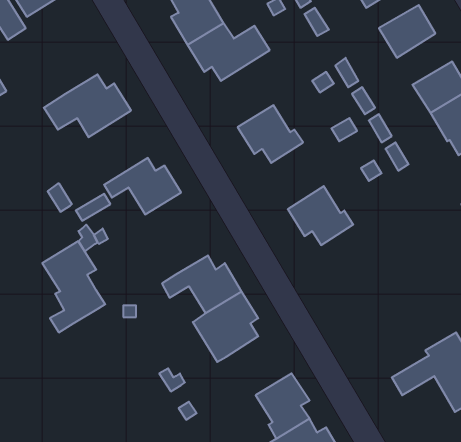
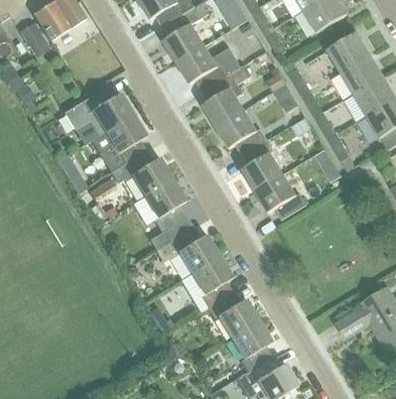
building: none -> [341,53,384,94]
building: none -> [203,64,252,127]
building: none -> [91,114,145,172]
building: none -> [242,139,283,191]
building: [42,241,105,332] -> [143,178,192,250]
building: none -> [207,291,258,338]

